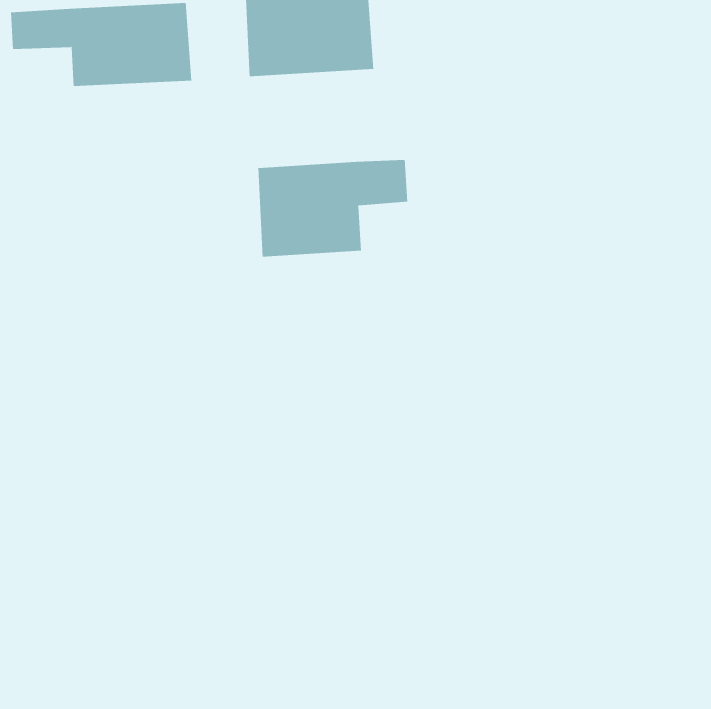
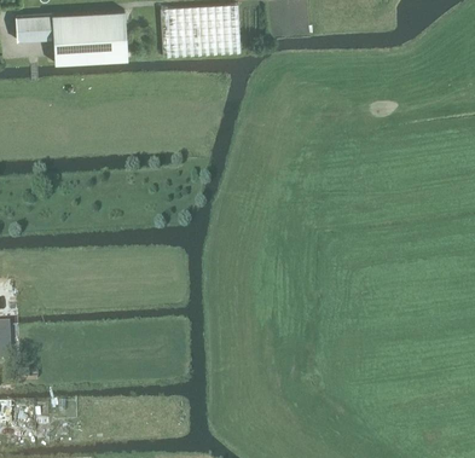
building: [258,159,408,258] -> none

